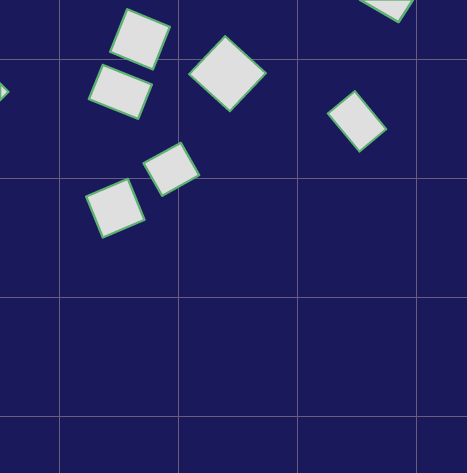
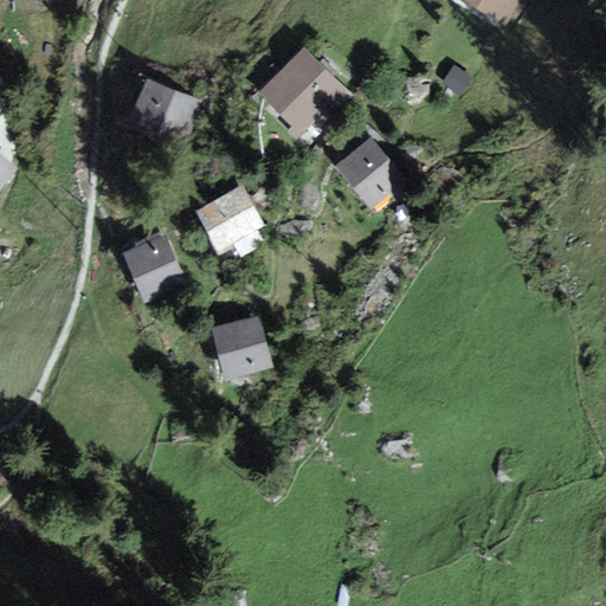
building: [110,9,170,70] -> none
building: [328,91,386,151] -> [334,135,408,212]
building: none -> [212,315,283,379]

